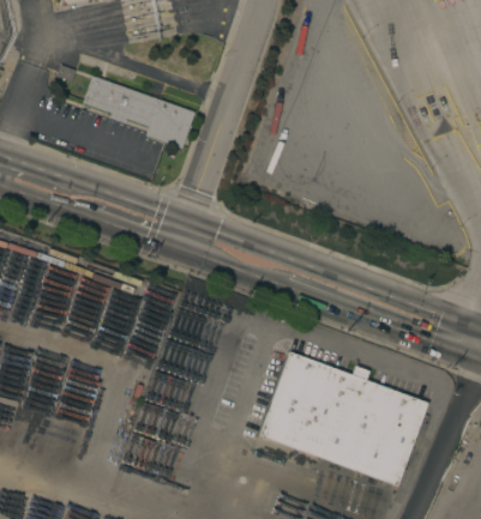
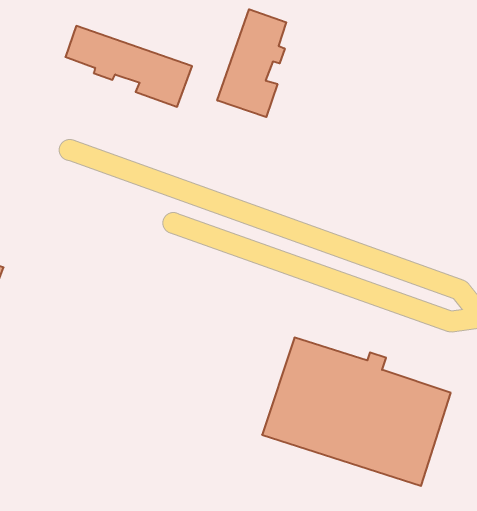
building: none -> [217,9,286,117]

